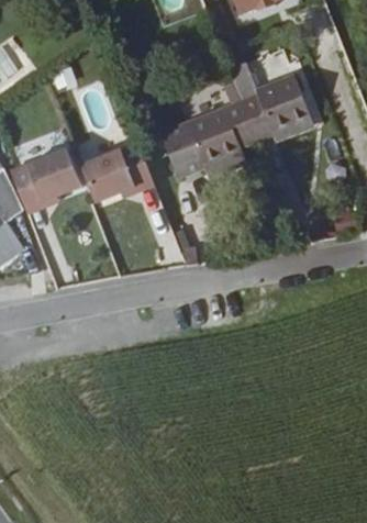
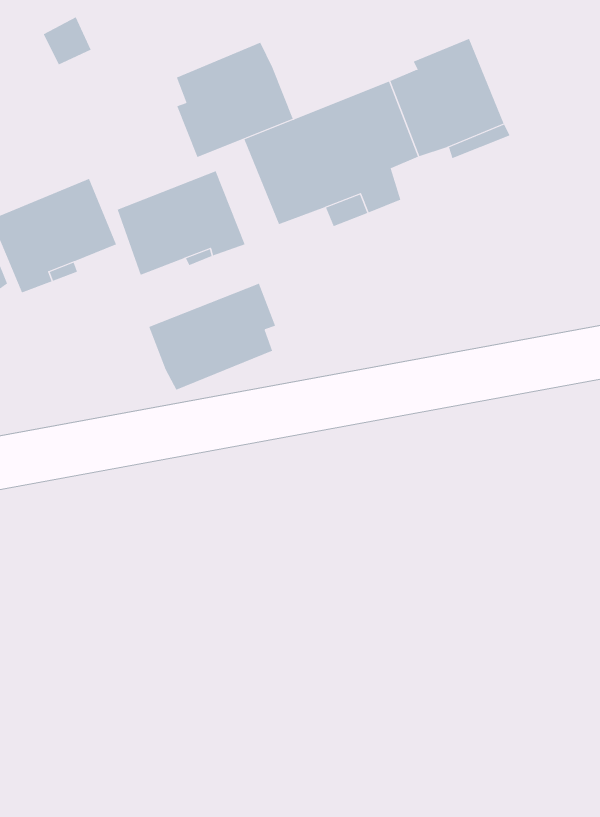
building: none -> [176,42,294,158]
building: none -> [148,283,276,391]

